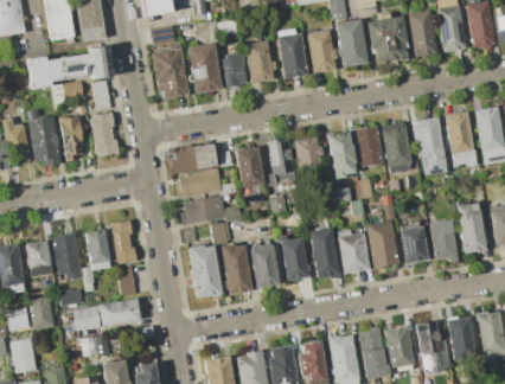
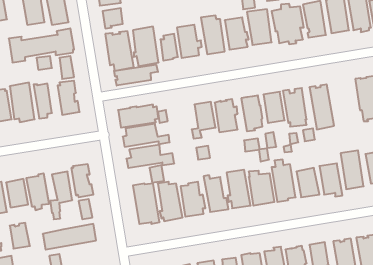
building: none -> [114,65,158,86]
building: [445,111,478,166] -> none
building: [236,147,264,188] -> none

